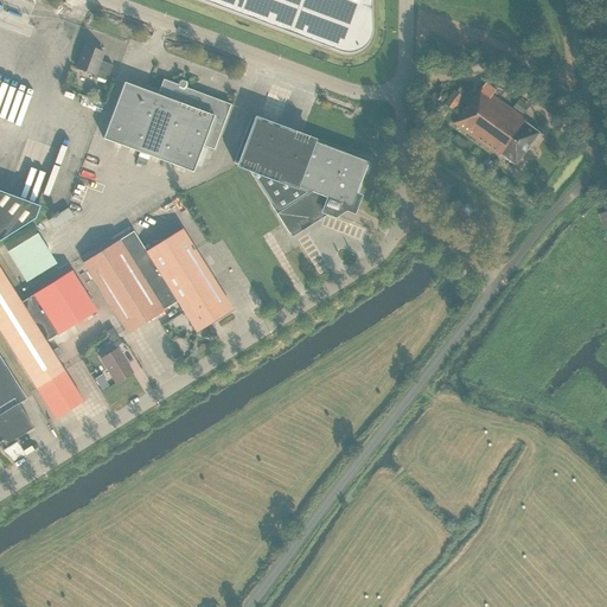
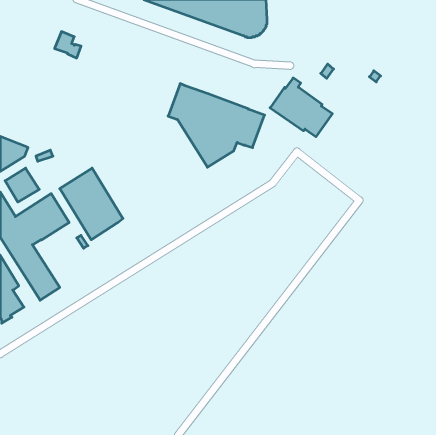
building: [103,78,231,171] -> none
building: [454,82,541,164] -> [270,78,332,137]
building: [128,228,230,331] -> none
building: [101,347,133,382] -> none

